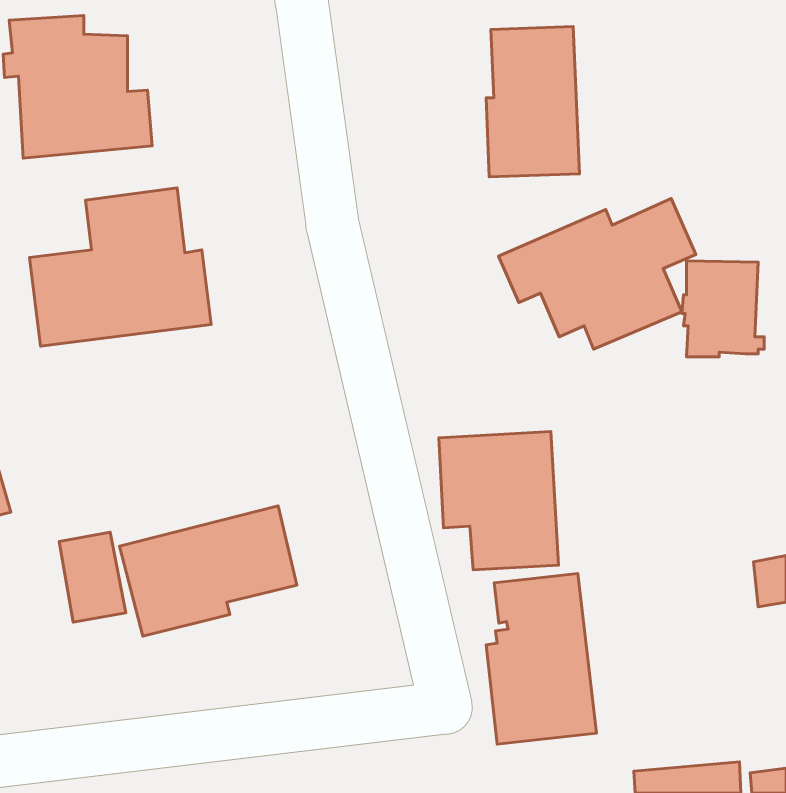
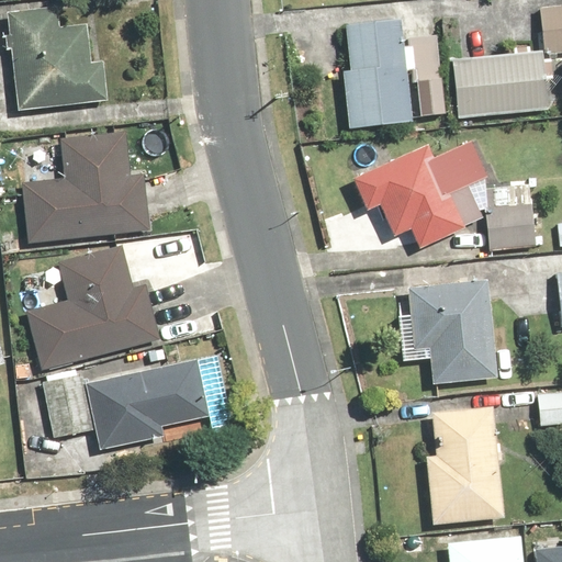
building: none -> [452,46,549,119]
building: none -> [24,247,160,371]
building: [439,432,558,570] -> [402,276,486,373]
building: [486,573,597,744] -> [427,407,505,528]

